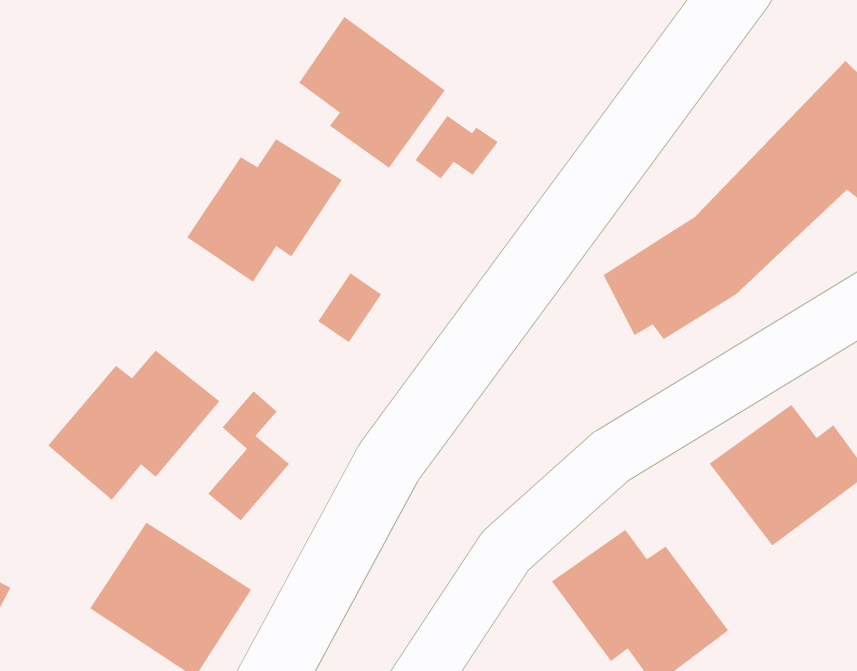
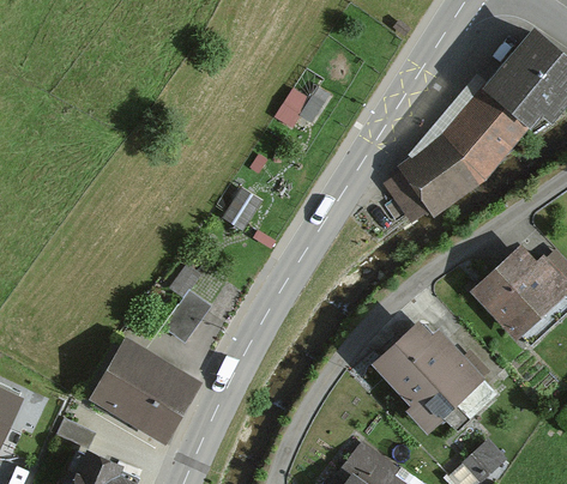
building: [298,16,446,169] -> none
building: [186,138,343,283] -> none
building: [47,350,220,501] -> none

